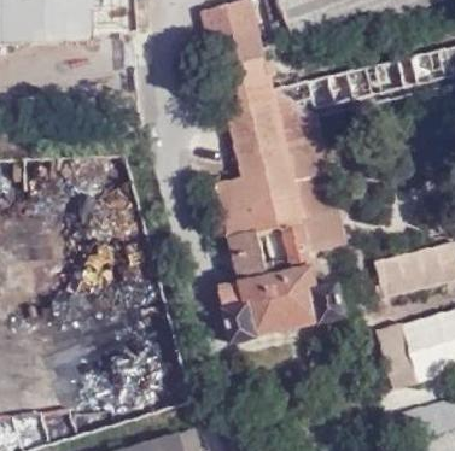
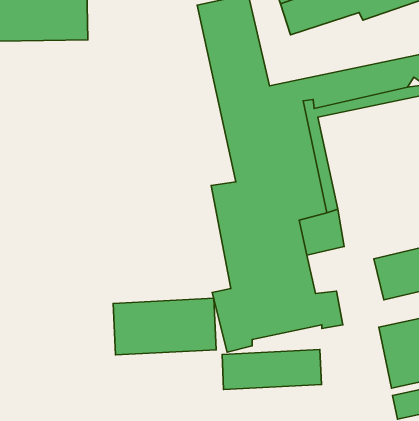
building: none -> [113,298,216,355]
building: none -> [222,350,322,389]

